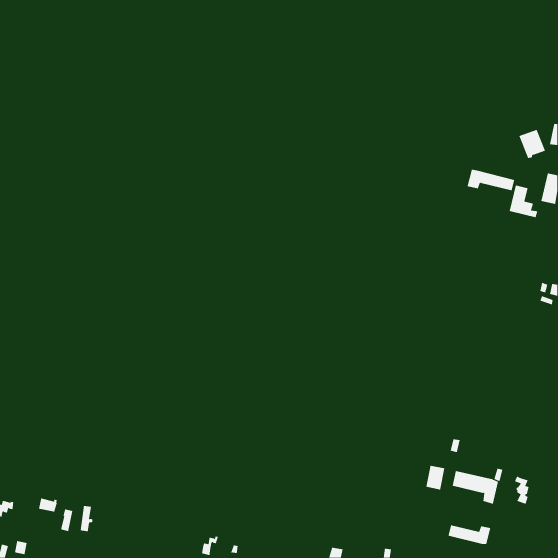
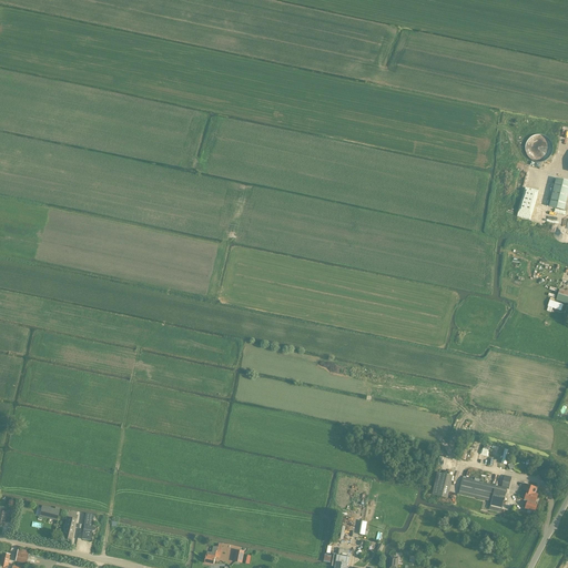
building: [467,169,515,191] -> none
building: [448,525,491,545] -> none

